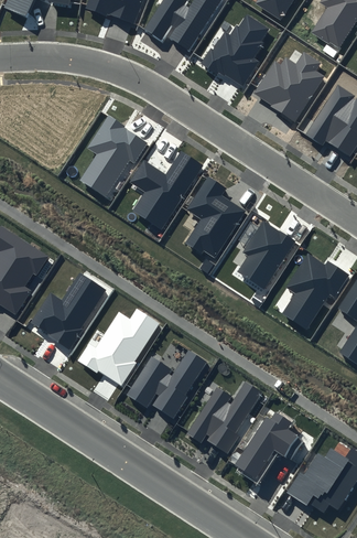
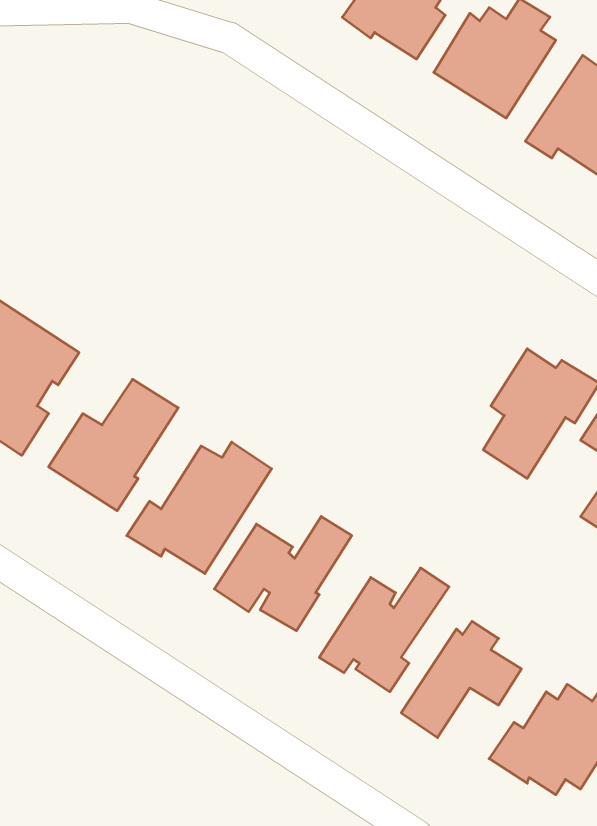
building: [80,116,148,196] -> none
building: [130,149,205,228] -> none
building: [185,176,246,258] -> none
building: [237,220,295,289] -> none

